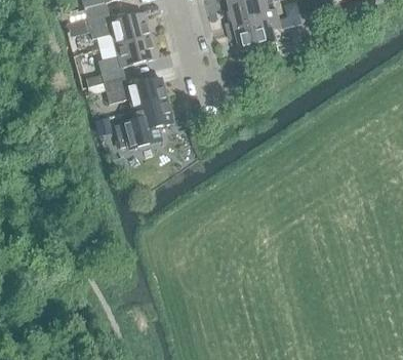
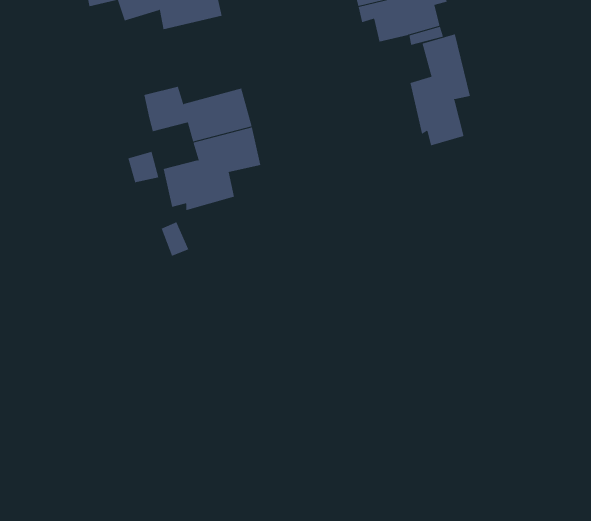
building: [96,35,155,81] -> none
building: none -> [410,34,470,146]

